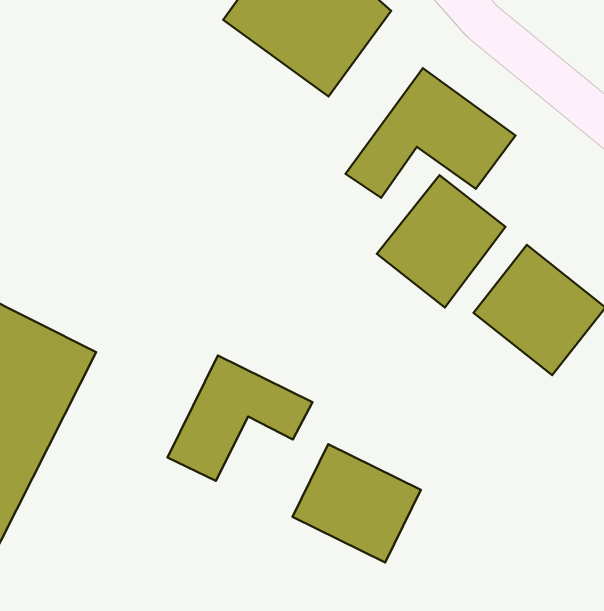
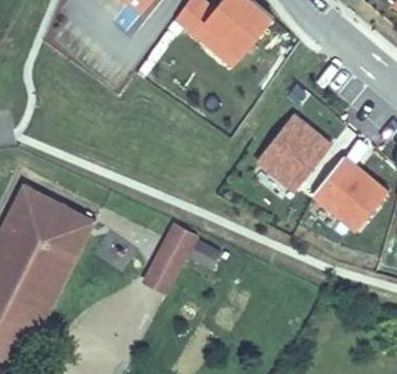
building: [346,68,515,198] -> none
building: [292,444,421,563] -> none

